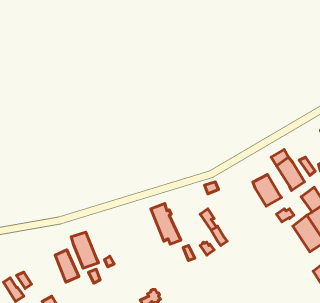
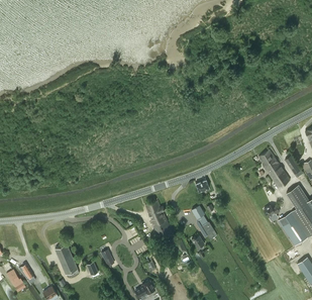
building: [253,174,282,206] -> none
building: [71,232,99,268] -> none

